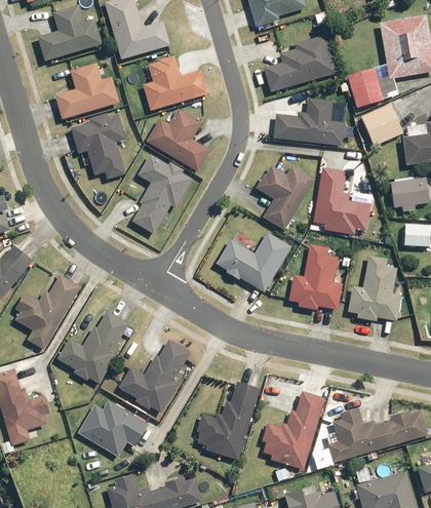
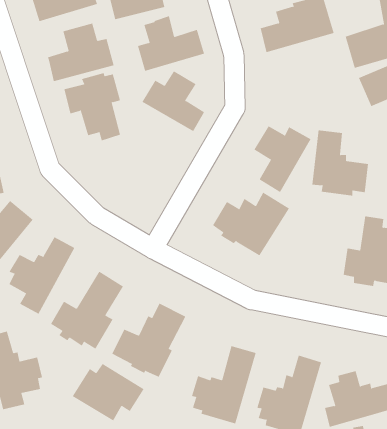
building: [273,97,347,147] -> none
building: [132,154,193,234] -> none
building: [289,245,342,311] -> none

